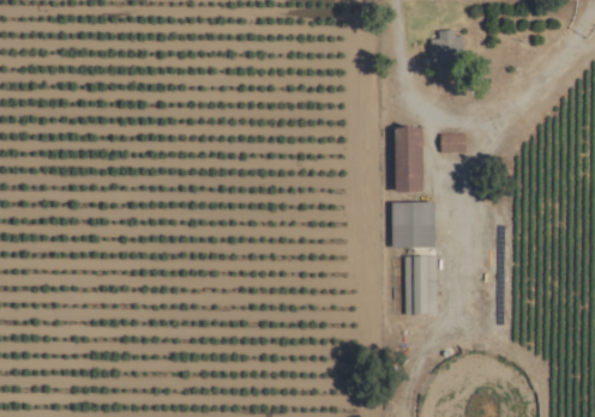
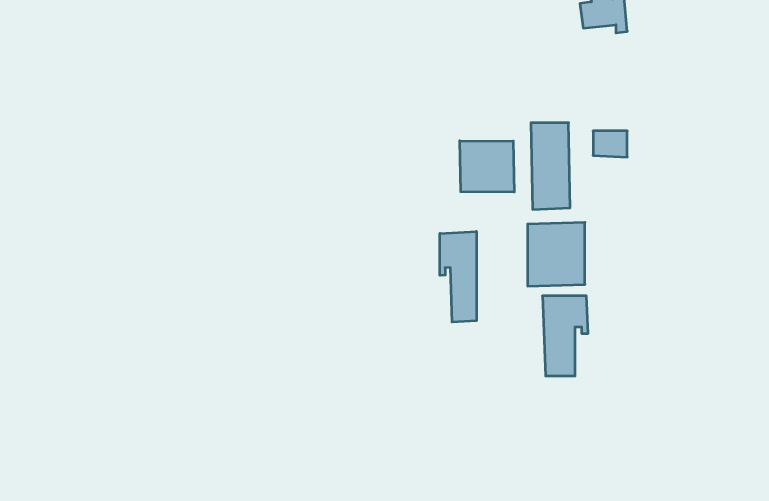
building: none -> [460,141,514,192]
building: none -> [440,231,476,322]

